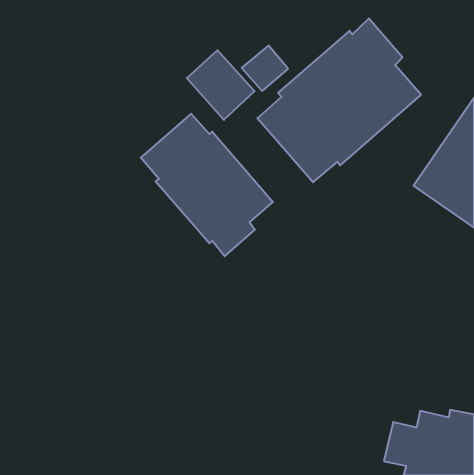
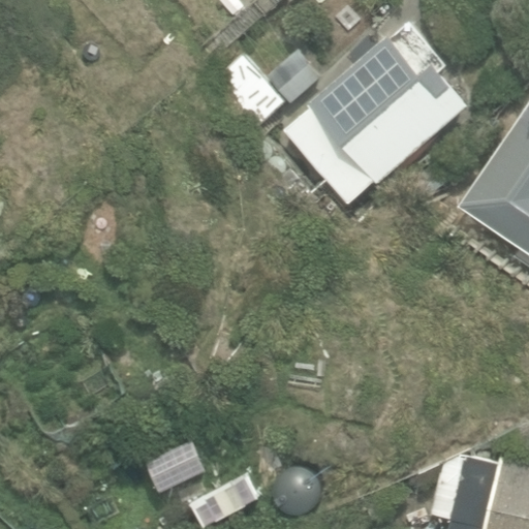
building: [141,114,273,256] -> none

